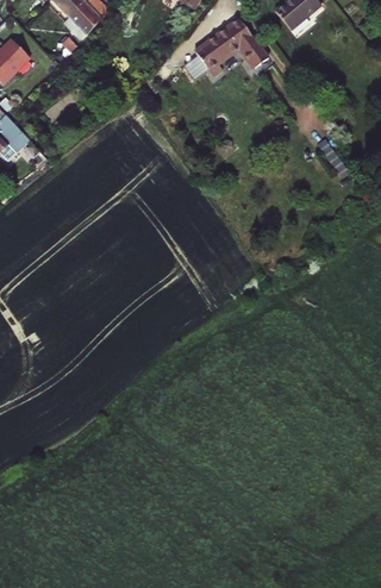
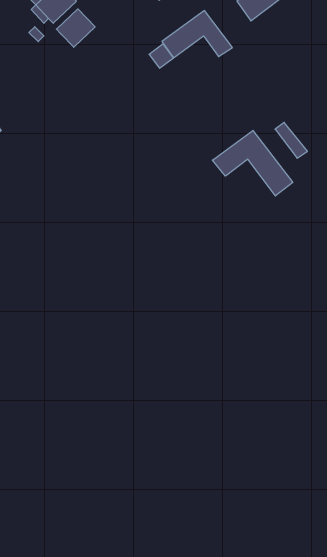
building: none -> [56,9,95,47]
building: none -> [212,130,293,196]

